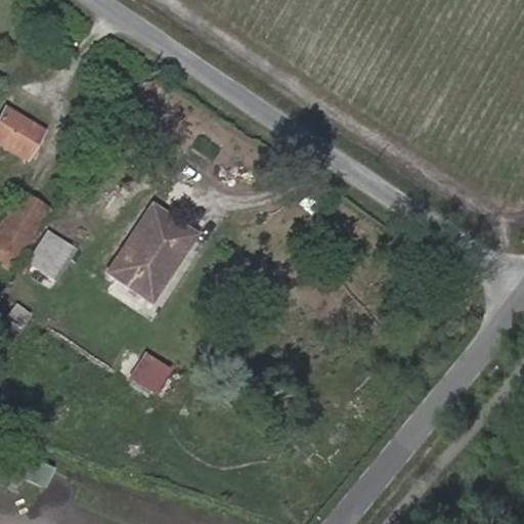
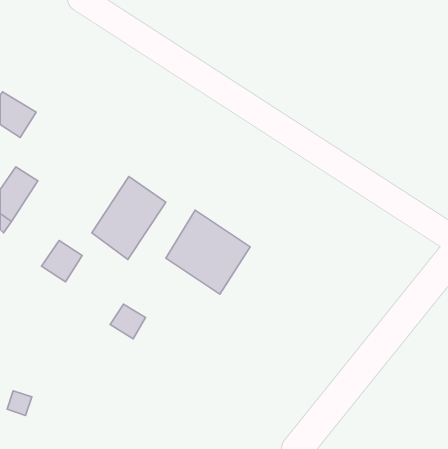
building: [29,231,76,279] -> [42,241,82,282]
building: none -> [166,210,250,294]

